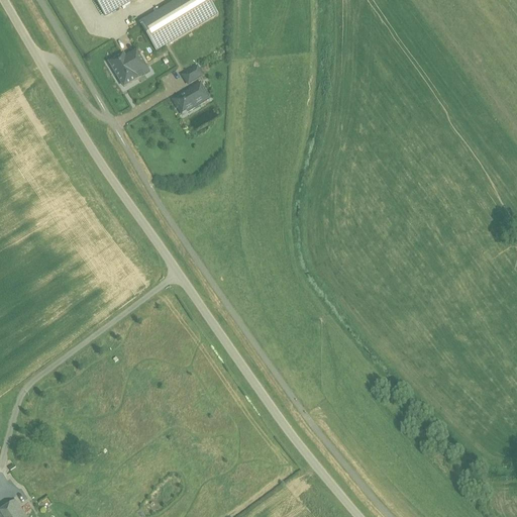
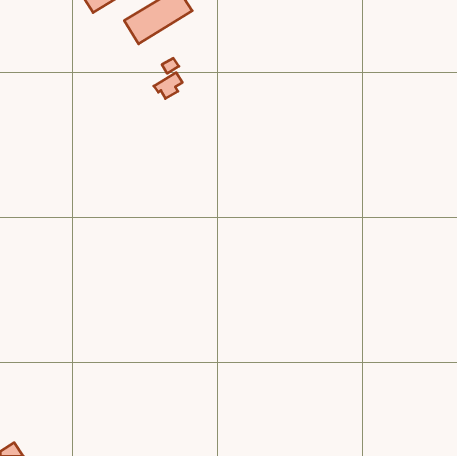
building: [112,51,148,85] -> none

